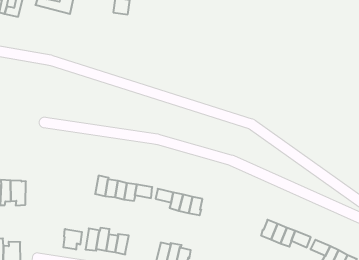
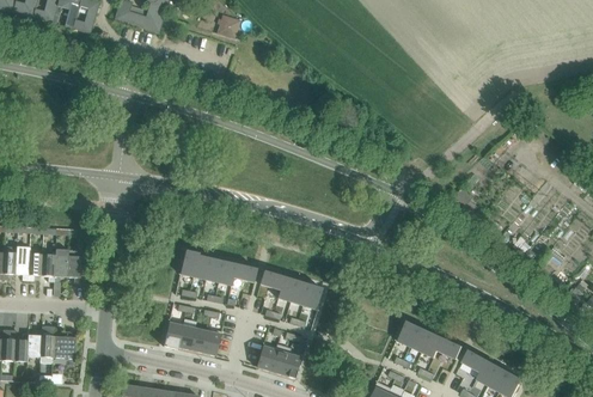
building: [63,229,82,250] -> none

